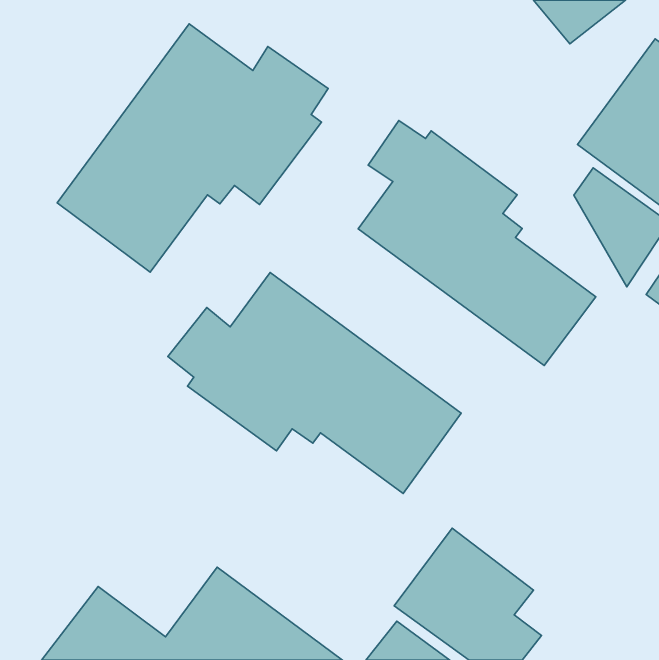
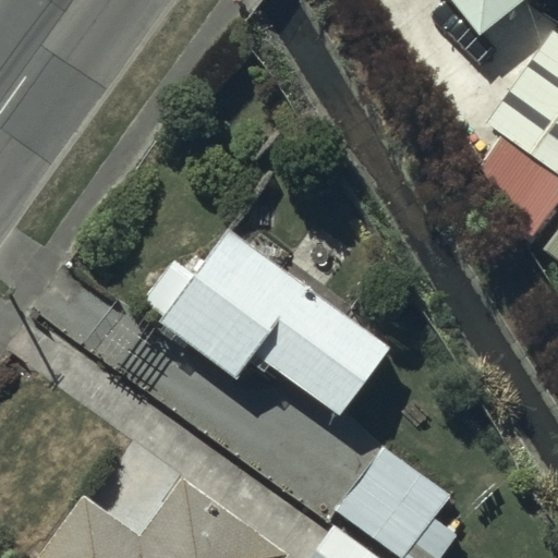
building: [57,24,328,272] -> none
building: [358,120,596,366] -> none

